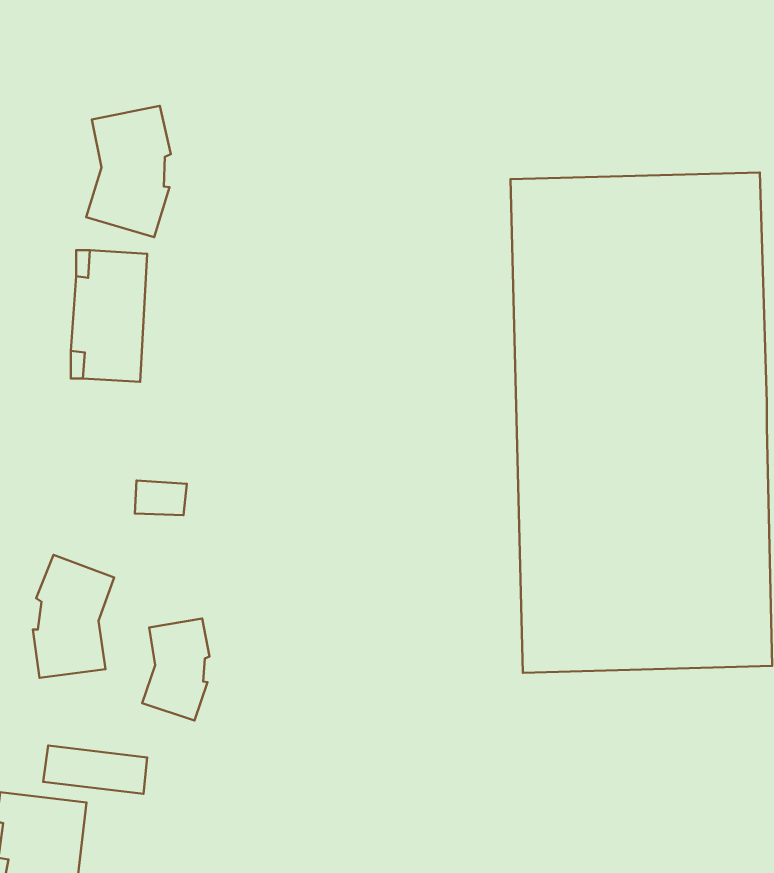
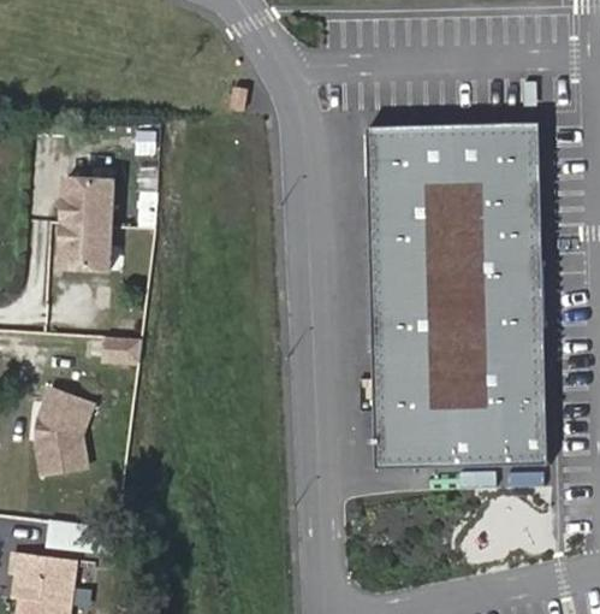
building: [86,106,171,237] -> none
building: [142,619,210,721] -> none

